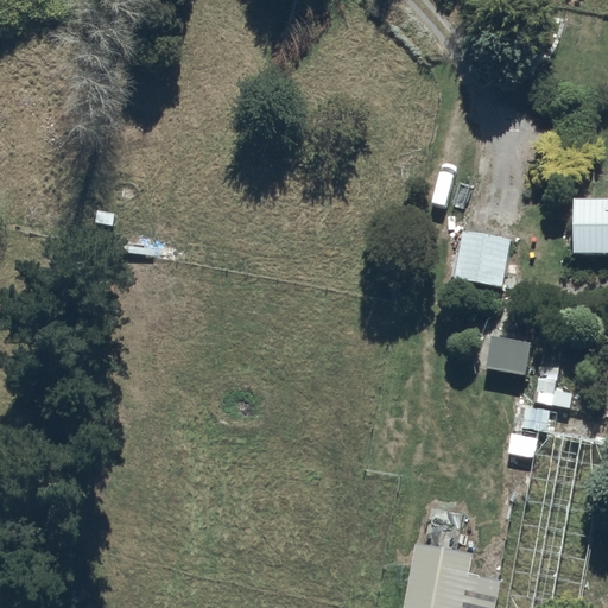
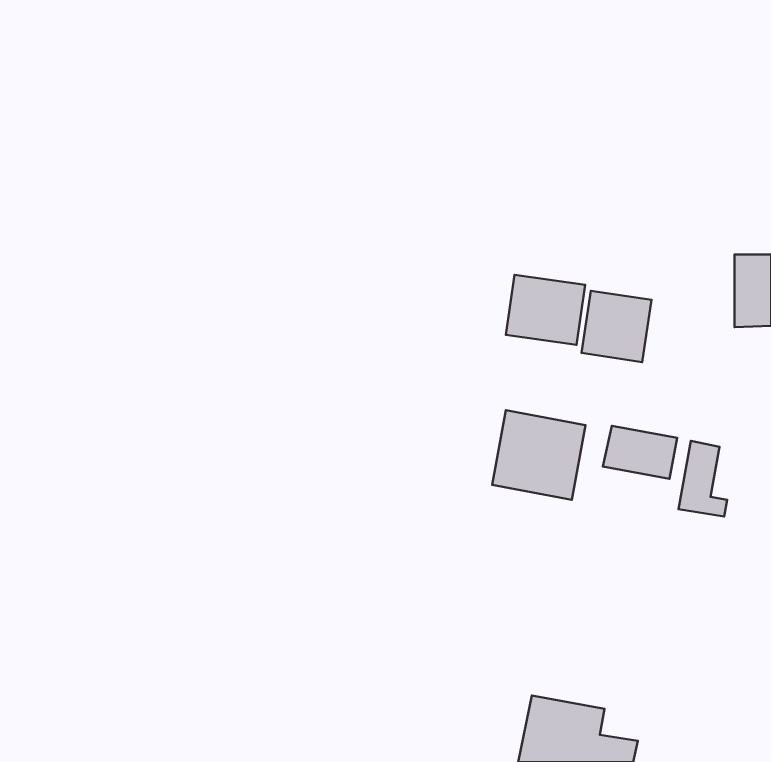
building: none -> [506,275,585,345]
building: none -> [492,410,585,500]

